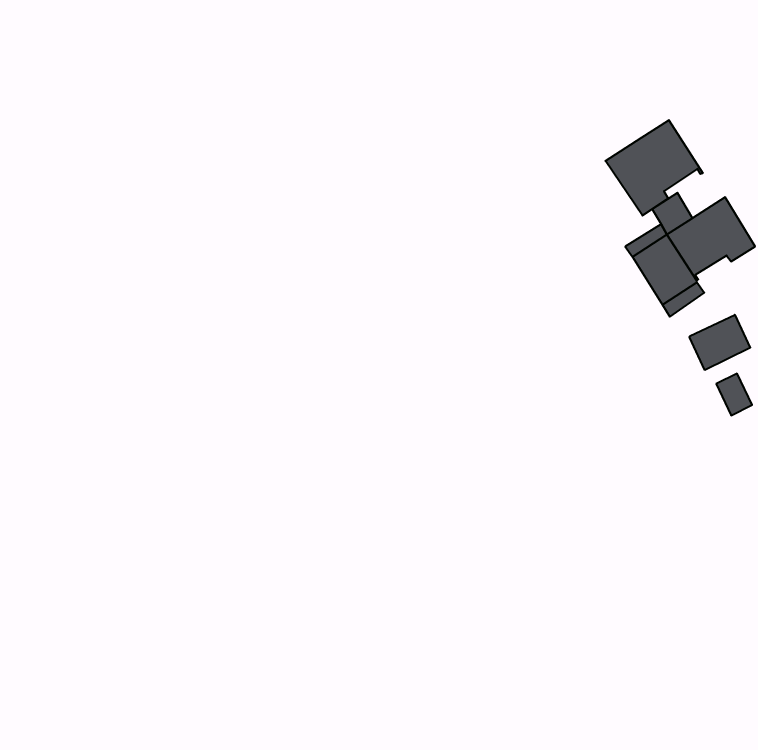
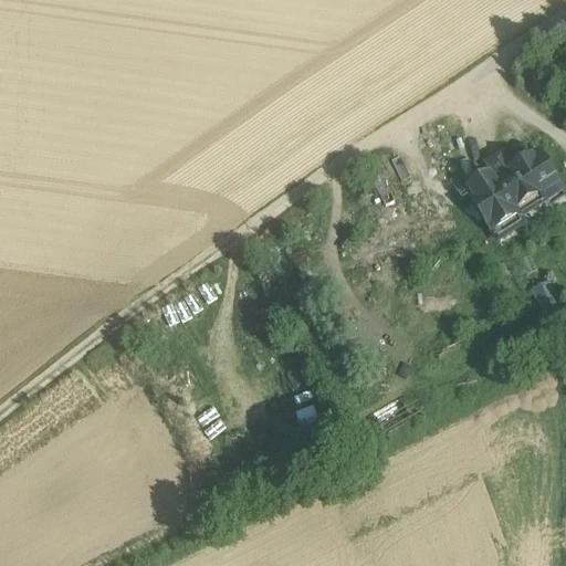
building: [605,120,703,216] -> none
building: [690,315,750,370] -> none

